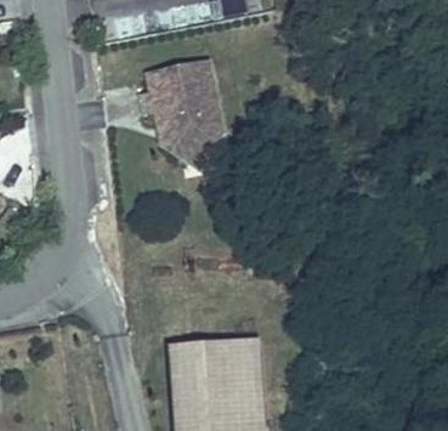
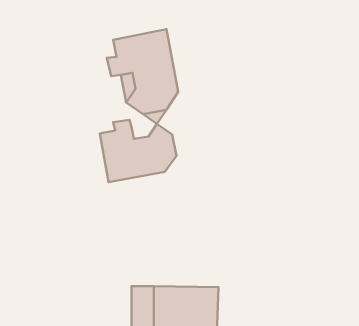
building: none -> [100,120,176,182]

